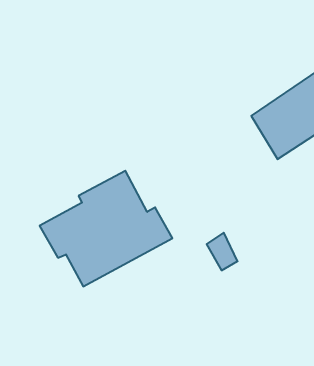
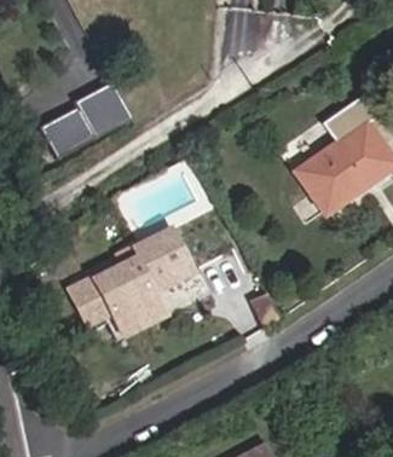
building: none -> [40,83,128,160]

